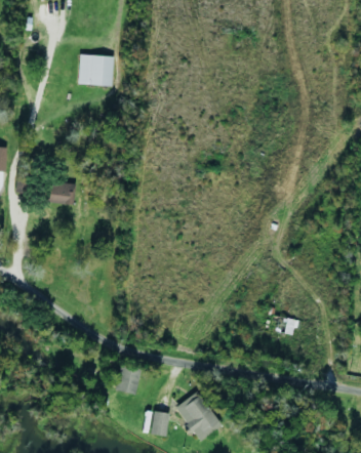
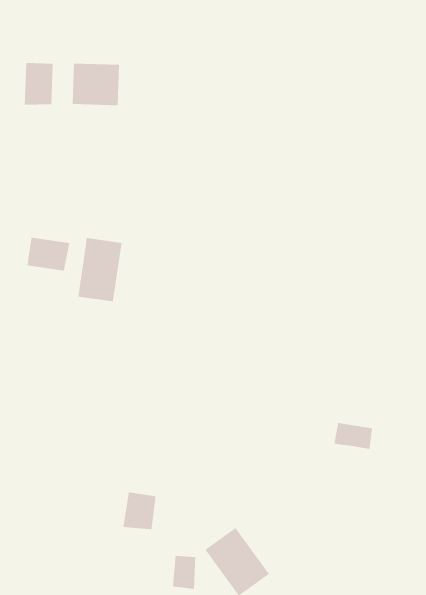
building: none -> [24,62,53,106]
building: none -> [78,237,122,302]

